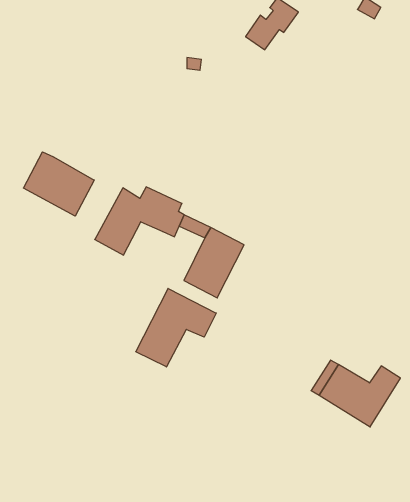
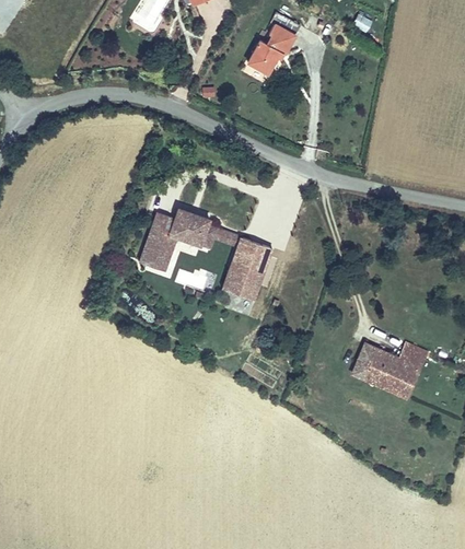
building: [23,152,94,216] -> none
building: [136,288,216,367] -> none

